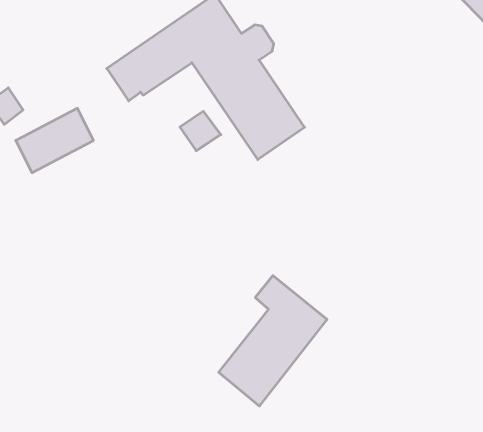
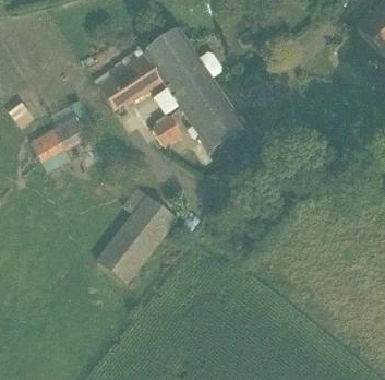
building: [219,276,327,406] -> [97,183,178,281]

